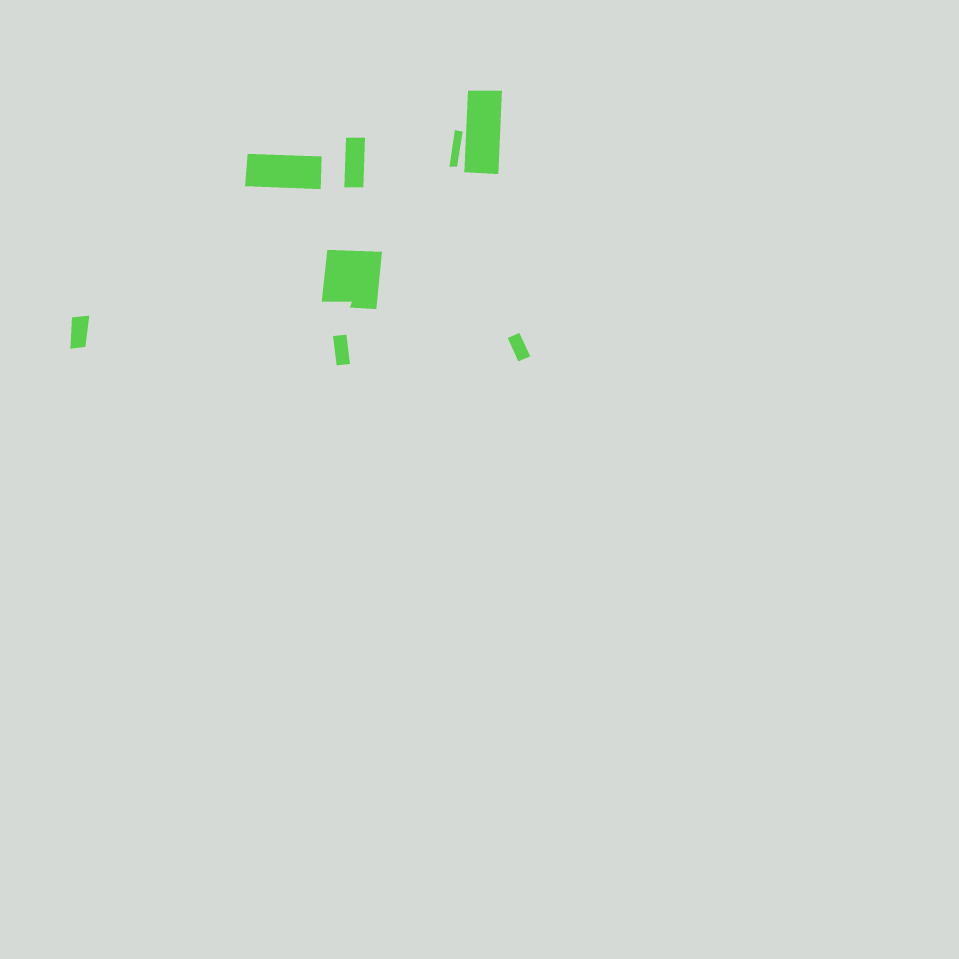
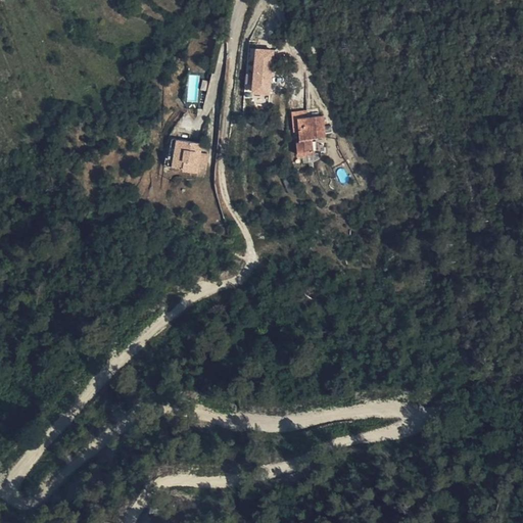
building: [245,153,322,190] -> none
building: none -> [284,113,319,157]

